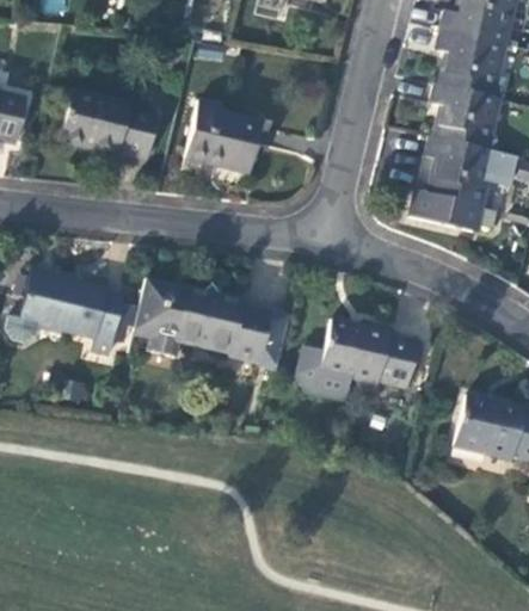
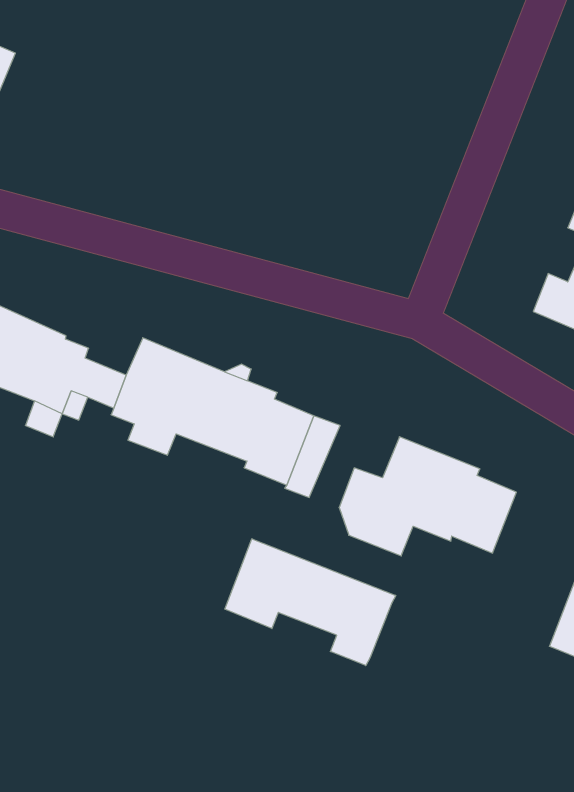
building: [62,91,160,160] -> none
building: [186,103,262,173] -> none
building: none -> [225,539,396,666]

